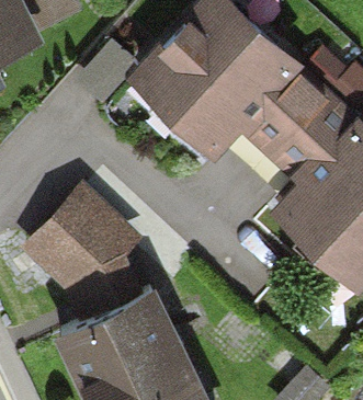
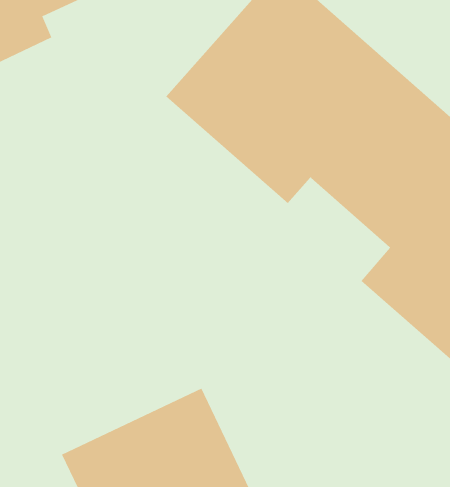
building: [22,187,138,304] -> none

